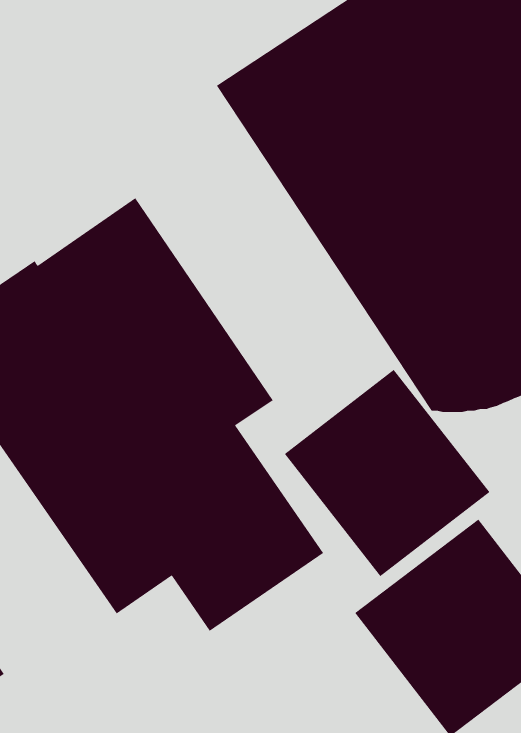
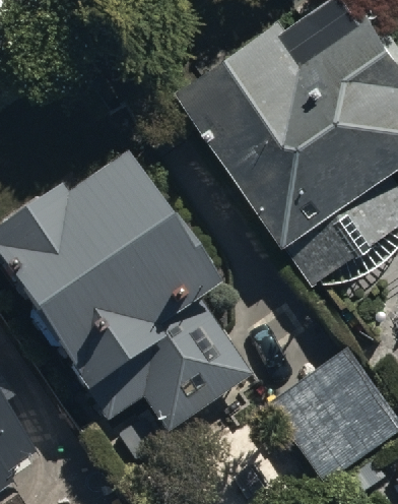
building: [284,369,490,577] -> none

